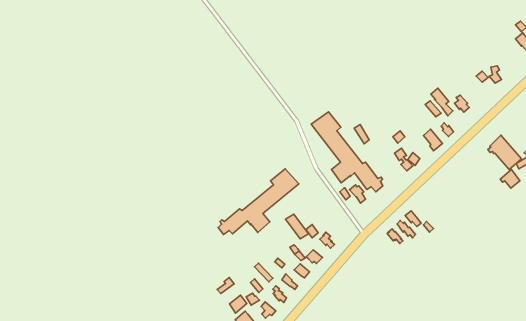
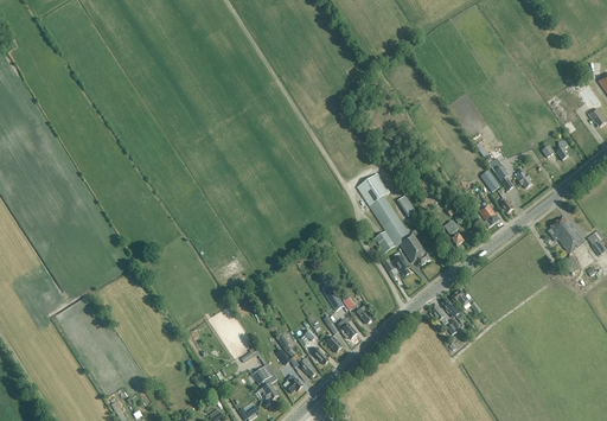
building: [218,169,299,234] -> none

